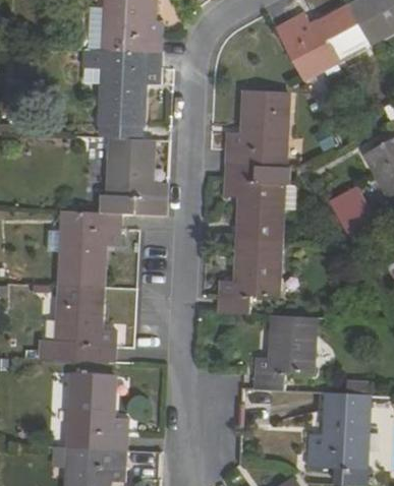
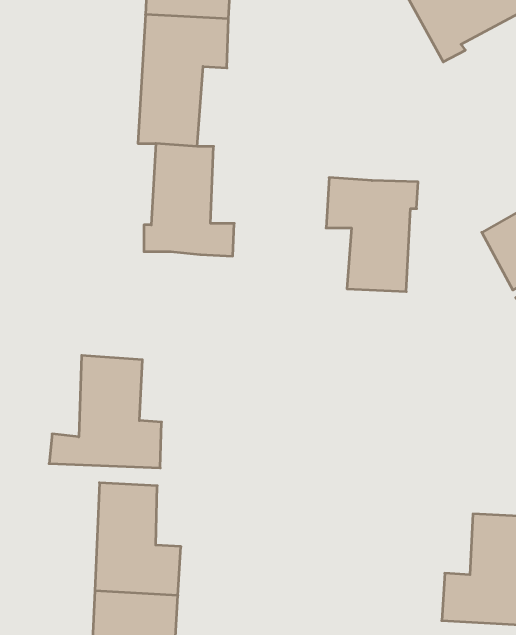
building: [228,88,289,165] -> none
building: [58,211,119,288] -> none
building: [221,239,281,313] -> none
building: [252,314,314,390] -> none

